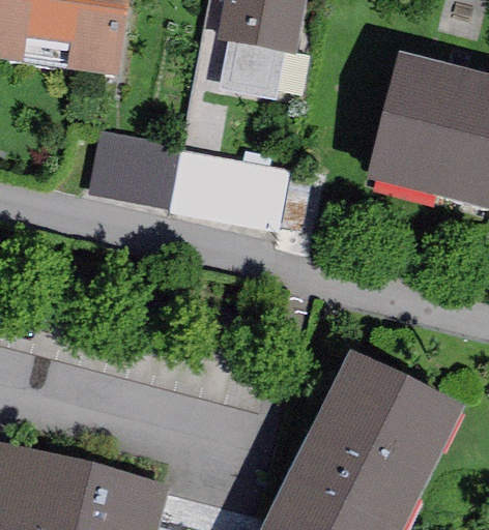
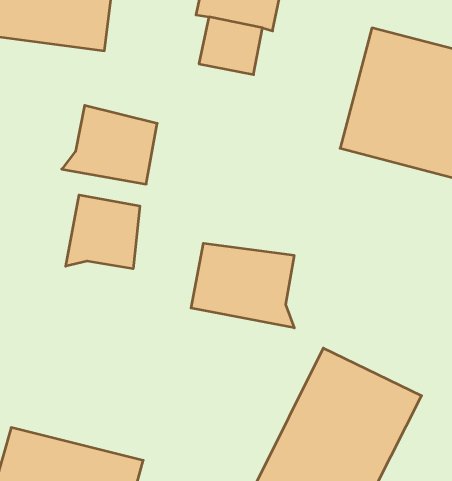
building: [163,149,289,234] -> none
building: none -> [66,195,140,269]
building: none -> [191,243,294,328]

